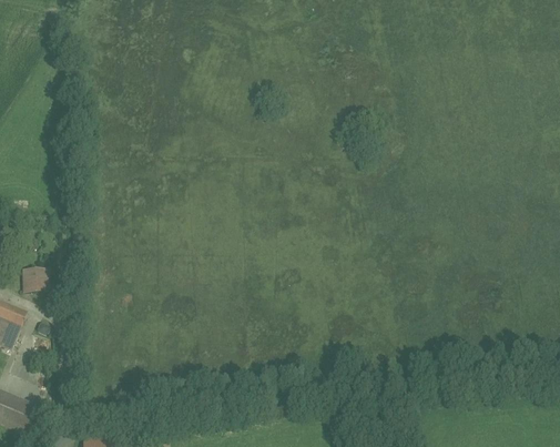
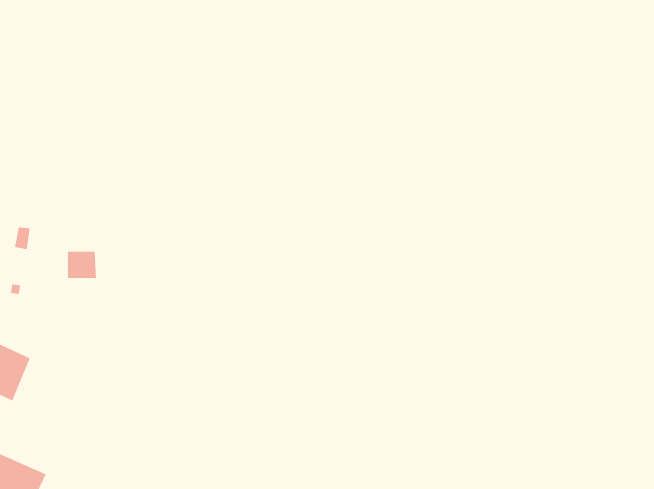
building: [22,268,47,291] -> [67,251,97,278]

